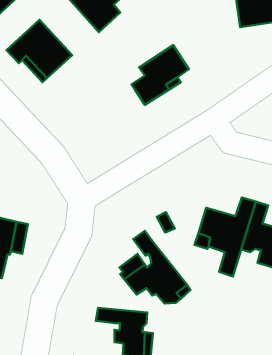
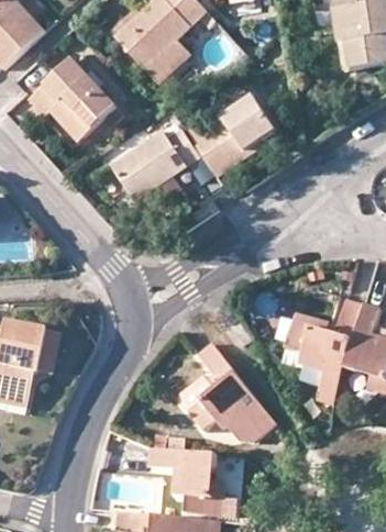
building: none -> [111,125,201,199]

